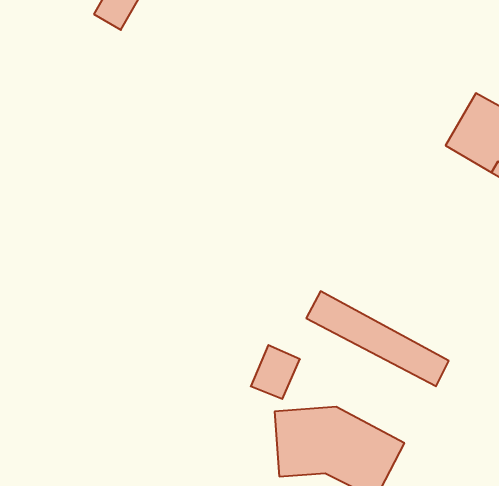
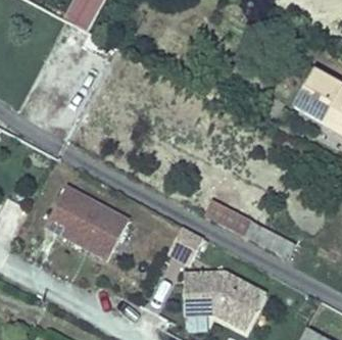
building: none -> [47,185,130,257]

